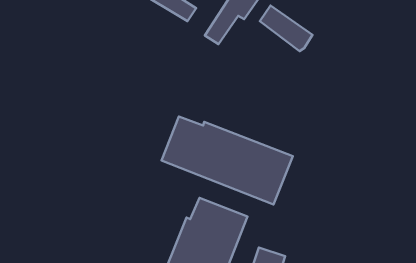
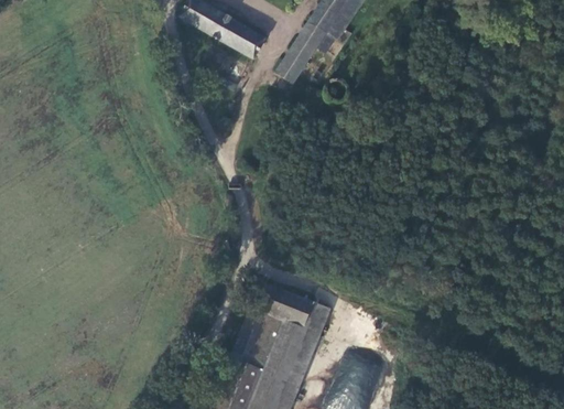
building: [260,5,313,51] -> none
building: [161,117,293,204] -> none

